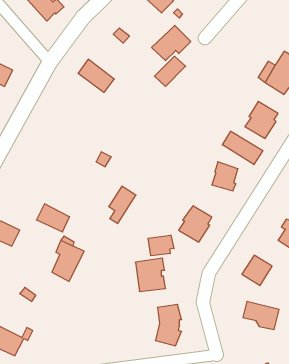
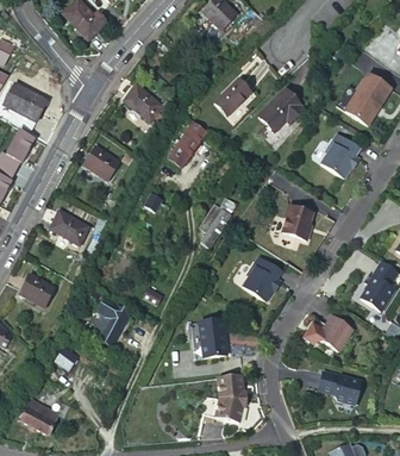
building: [152,25,191,61] -> [258,89,305,131]
building: none -> [168,123,207,168]
building: none -> [87,146,120,179]
building: [222,131,263,165] -> none
building: [109,186,136,223] -> [200,202,232,246]
building: [36,204,70,232] -> [50,210,89,243]
building: [148,235,174,256] -> none

